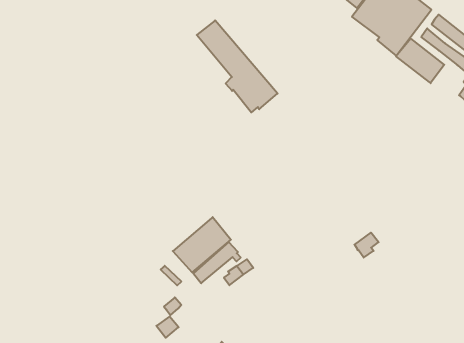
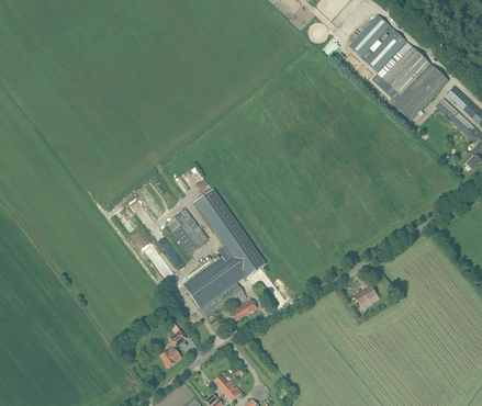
building: [197,20,278,112] -> [193,190,265,280]
building: [396,39,444,83] -> none
building: none -> [166,210,208,253]

